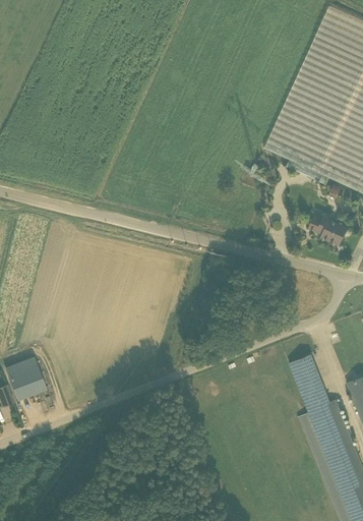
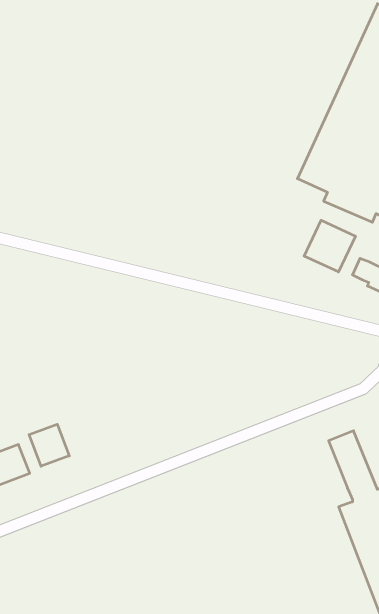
building: none -> [304,220,355,272]
building: none -> [29,424,69,466]

